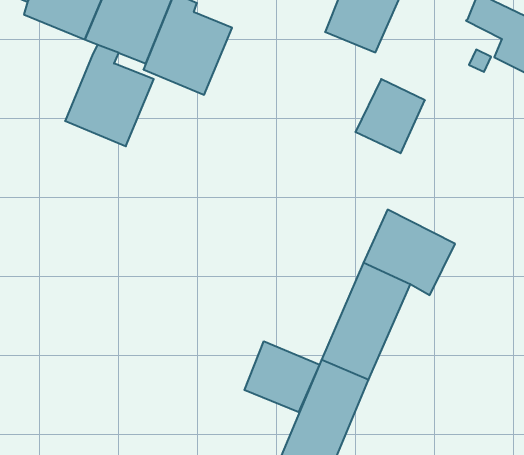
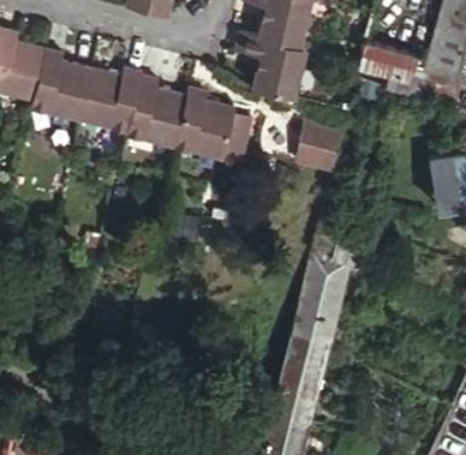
building: [65,45,154,146] -> [174,88,235,160]
building: [244,341,319,412] -> none

